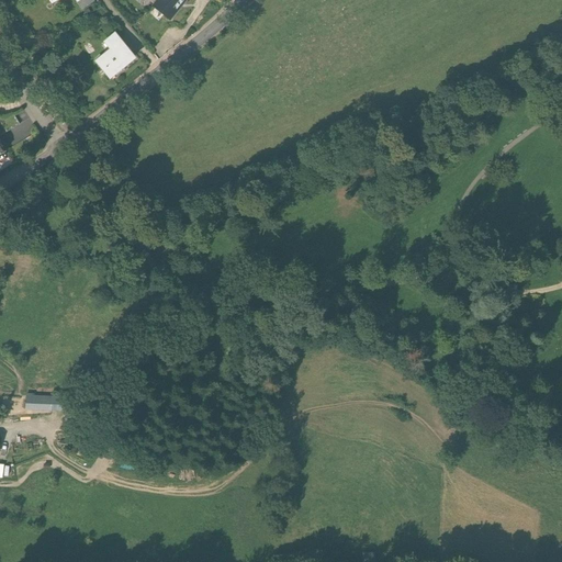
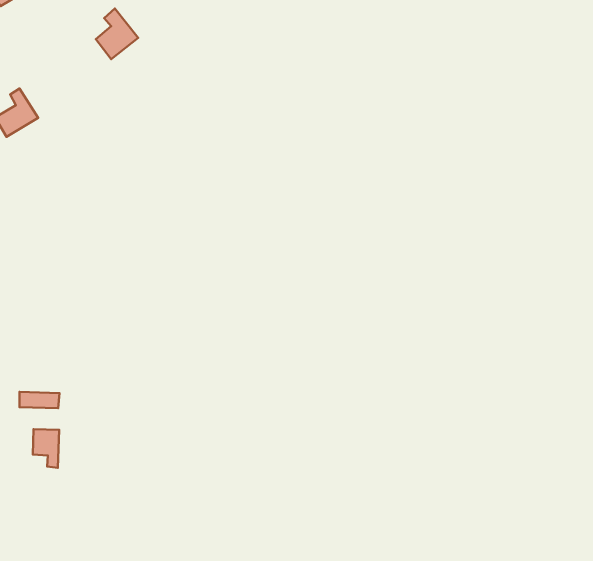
building: none -> [33,429,59,468]

